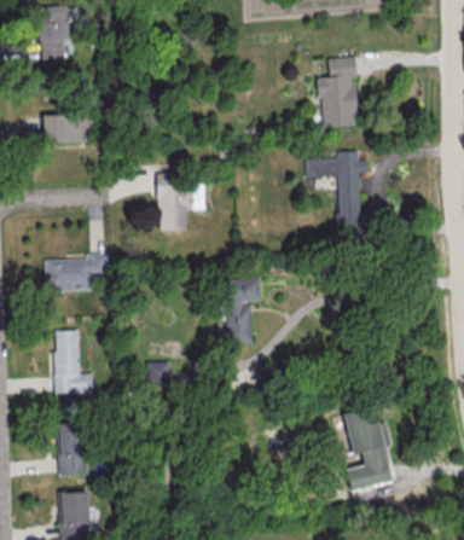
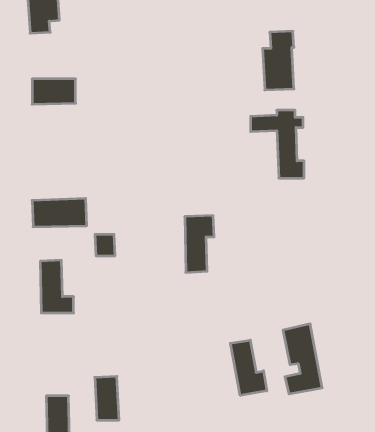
building: [157,173,204,230] -> none
building: [146,361,170,387] -> [95,234,115,256]
building: [57,422,86,474] -> [95,376,119,420]
building: none -> [230,340,267,395]

